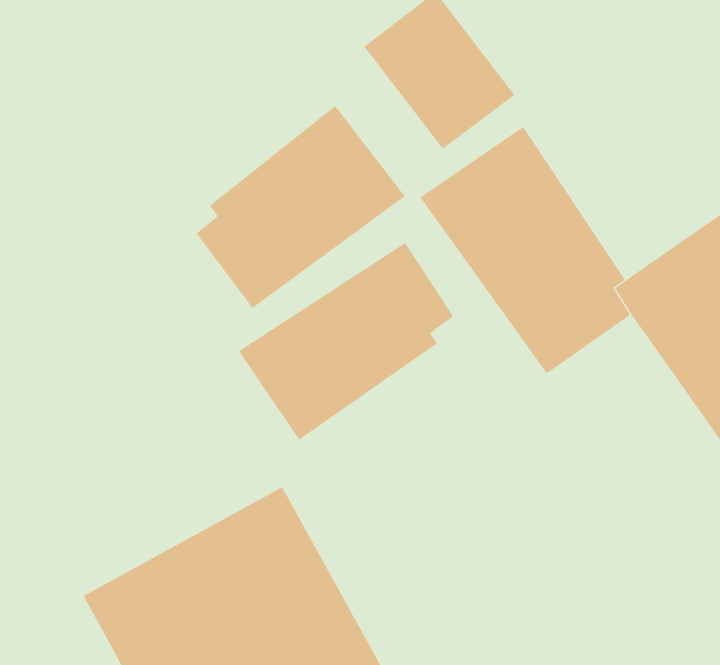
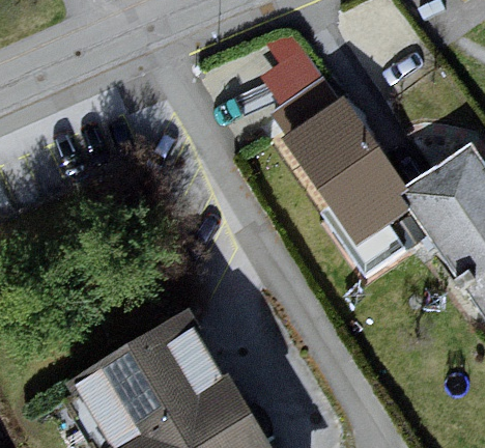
building: [196,105,406,309] -> none
building: [238,242,454,440] -> none

